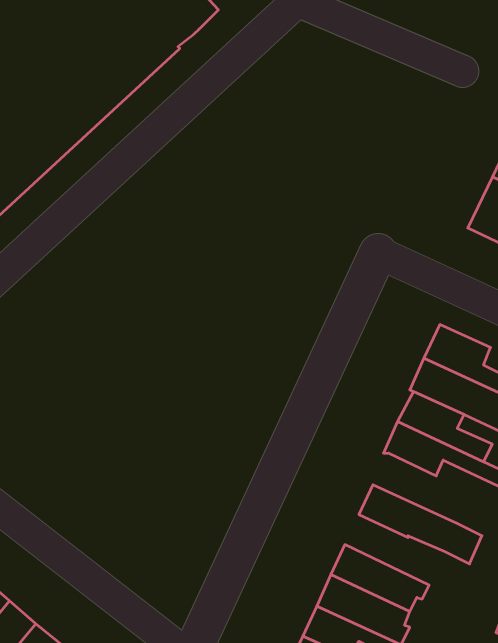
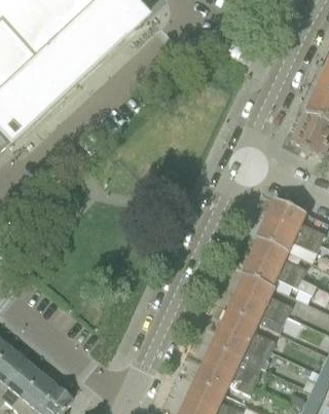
building: none -> [235,274,290,315]
building: none -> [219,310,273,351]

